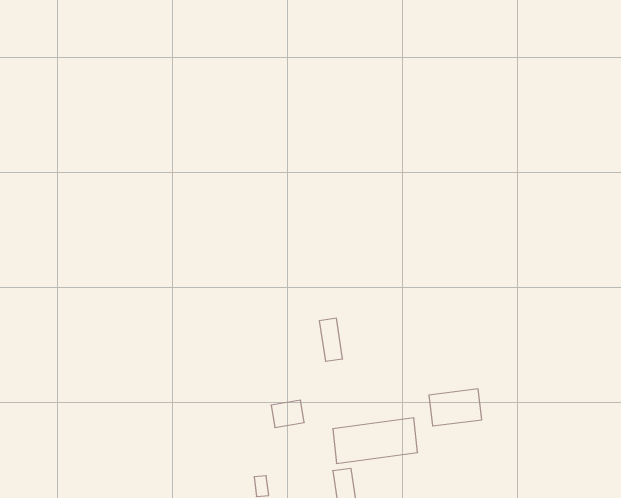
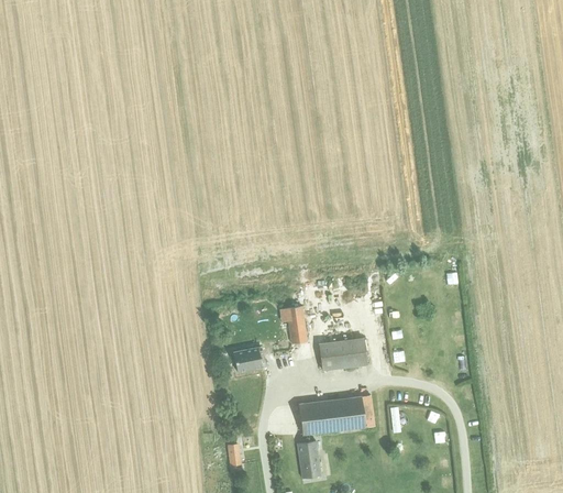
building: [429,389,482,426] -> [319,338,366,371]
building: [271,400,304,427] -> [233,348,263,372]

